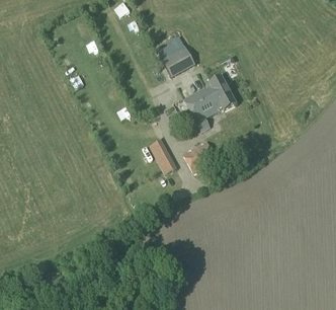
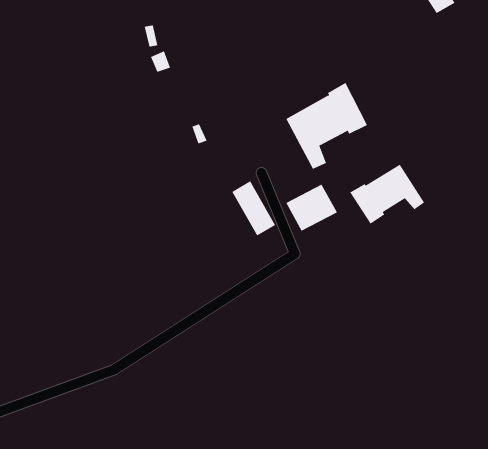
building: [157,36,195,76] -> none
building: none -> [349,164,425,225]

